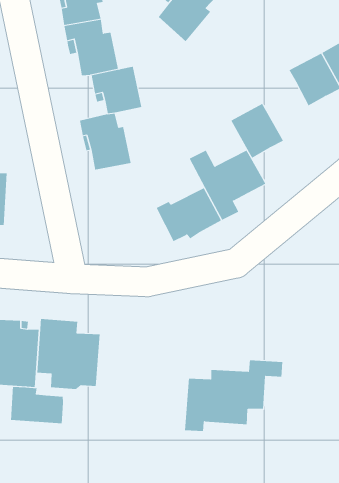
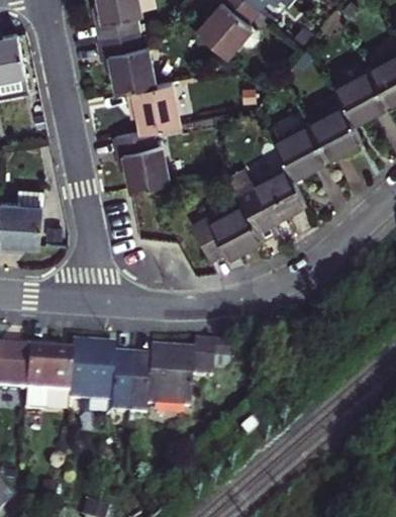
building: none -> [306,99,363,159]
building: [184,360,283,432] -> [133,340,236,415]
building: [11,386,64,424] -> none

